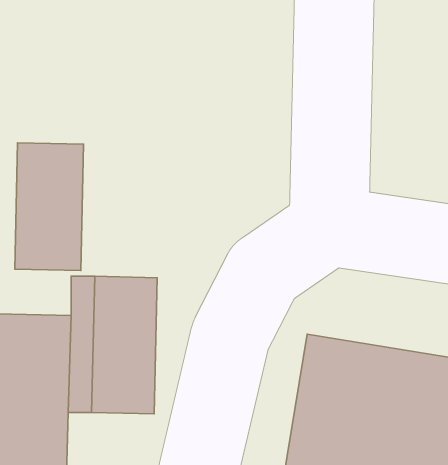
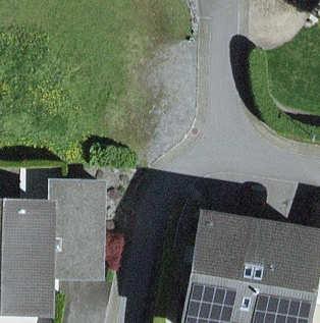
building: [15,143,83,270] -> none

